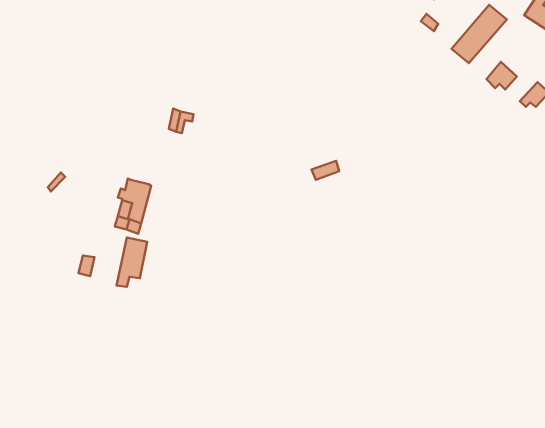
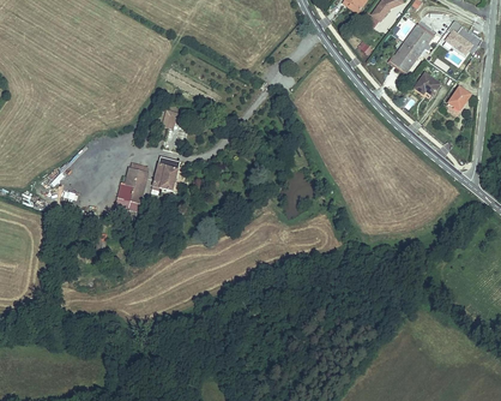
building: [116,237,147,287] -> [151,157,176,198]

